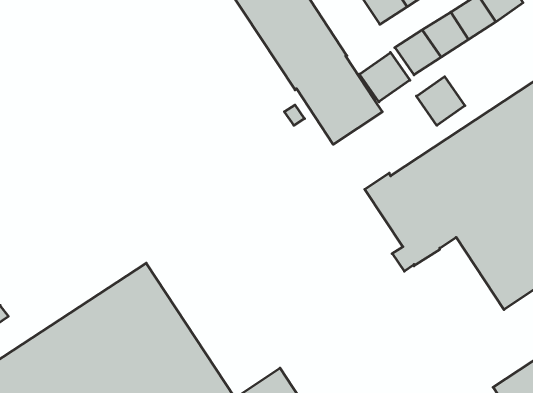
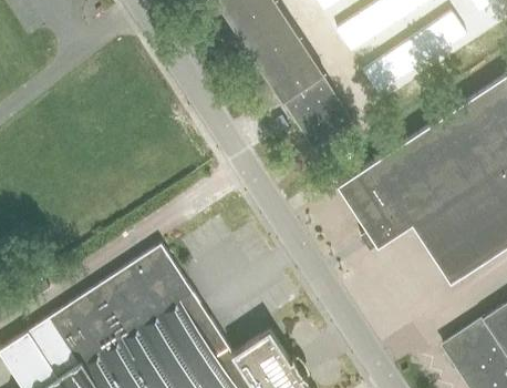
building: [359,52,410,102] -> none
building: [416,77,465,125] -> none

